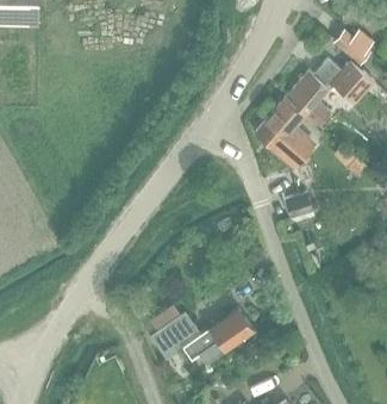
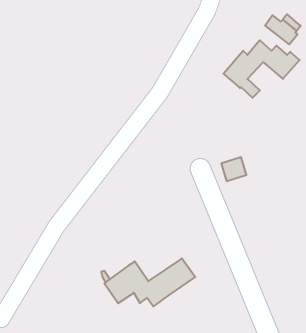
building: [255,97,308,167] -> none

